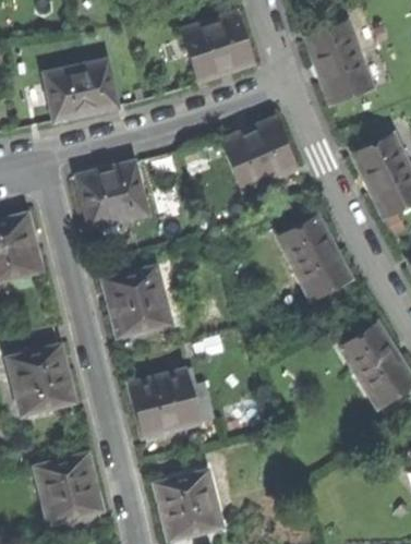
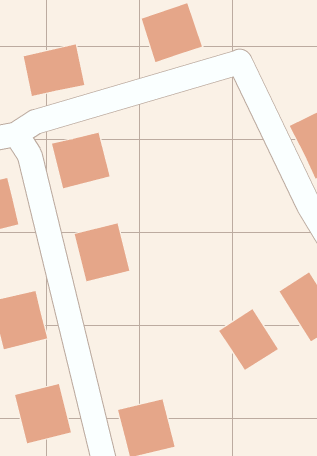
building: [306,23,372,104] -> none
building: [222,119,295,190] -> none
building: [279,216,351,299] -> none
building: none -> [218,308,279,371]
building: [131,370,200,436] -> none

